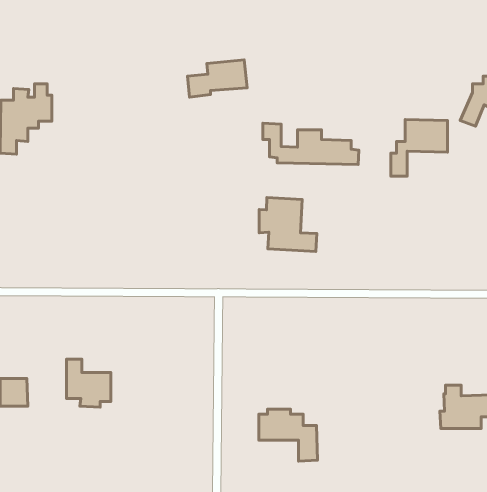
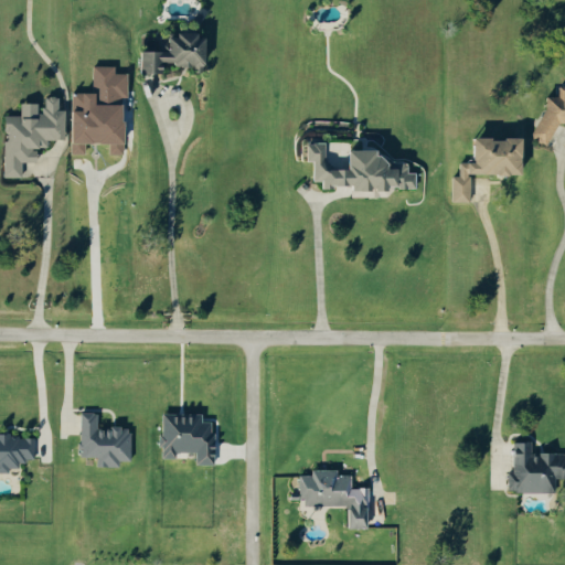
building: none -> [72,65,129,153]
building: [187,60,247,97] -> [138,32,206,75]
building: [259,198,317,251] -> none
building: none -> [163,414,215,463]

